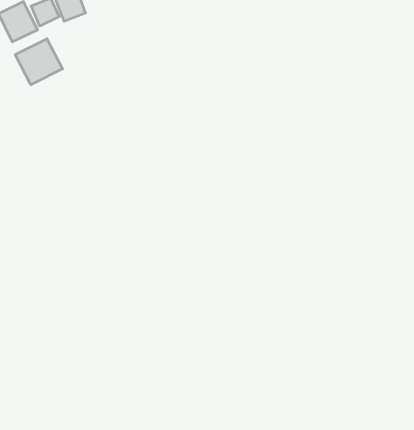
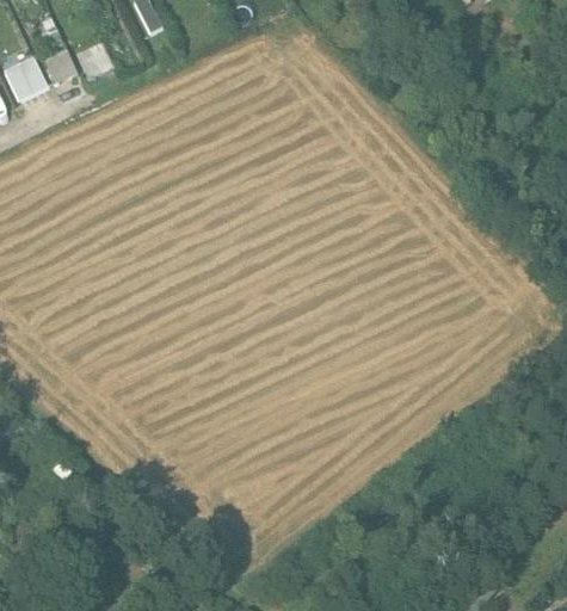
building: [15,39,63,85] -> none

